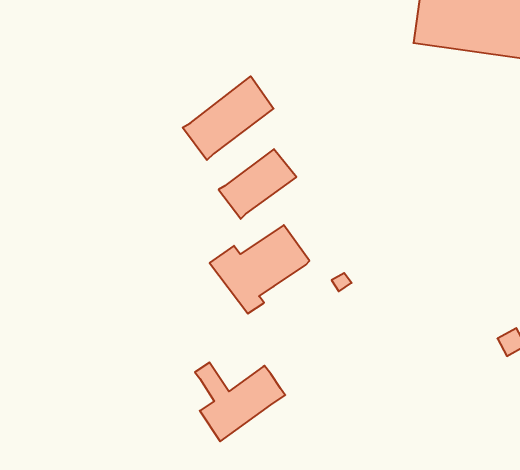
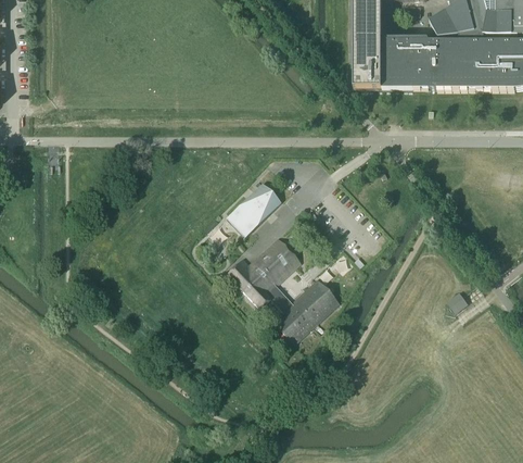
building: [183,76,274,160] -> none
building: [195,362,285,441] -> [267,279,336,340]

